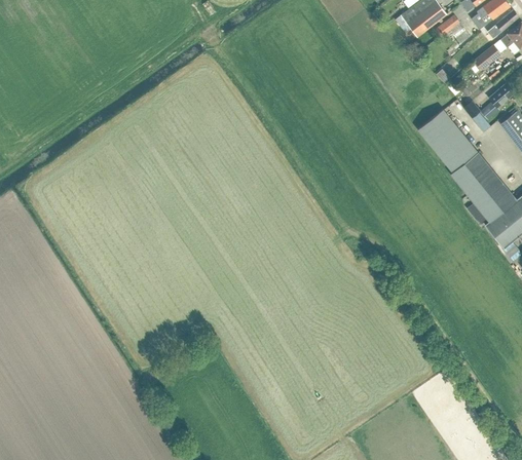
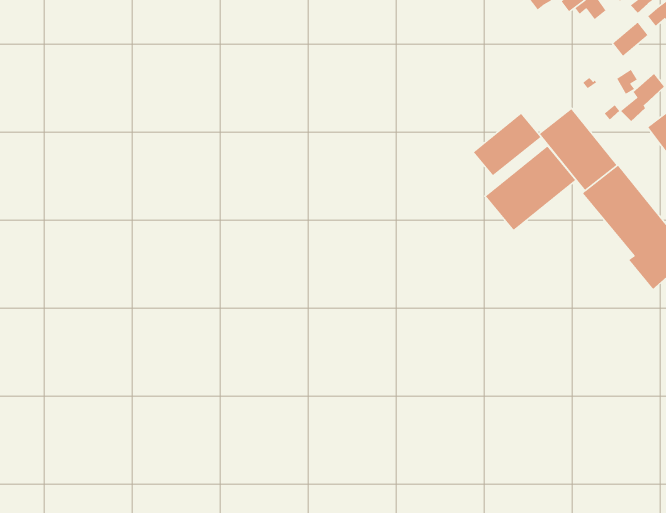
building: none -> [473,113,541,176]
building: none -> [485,145,576,231]

